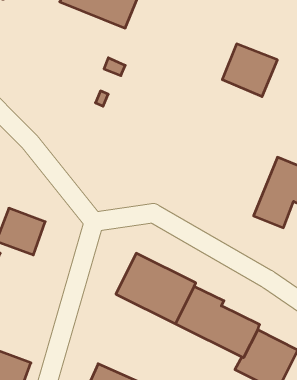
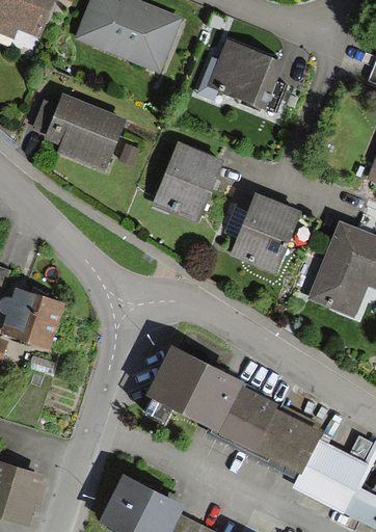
building: [222,44,277,97] -> [212,43,279,107]
building: none -> [35,97,122,167]
building: none -> [157,147,218,220]
building: none -> [235,198,299,270]

